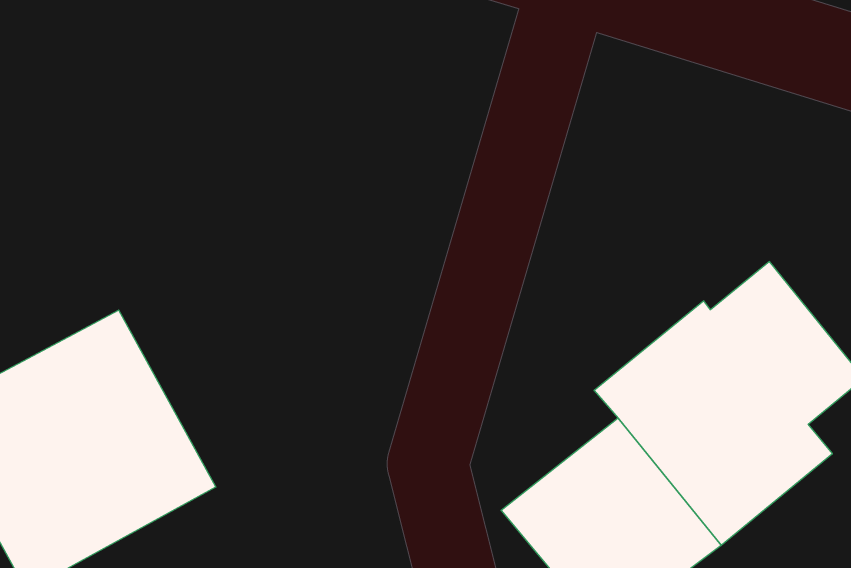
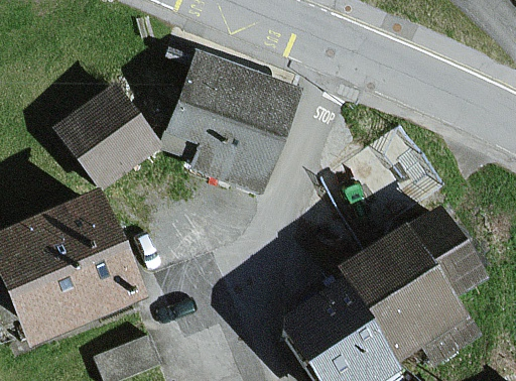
building: none -> [175,54,297,185]
building: none -> [62,89,157,183]

